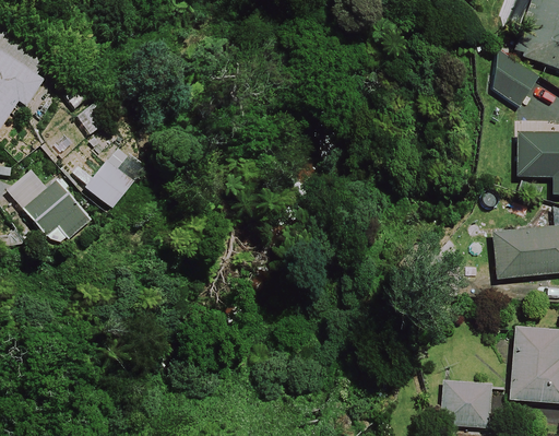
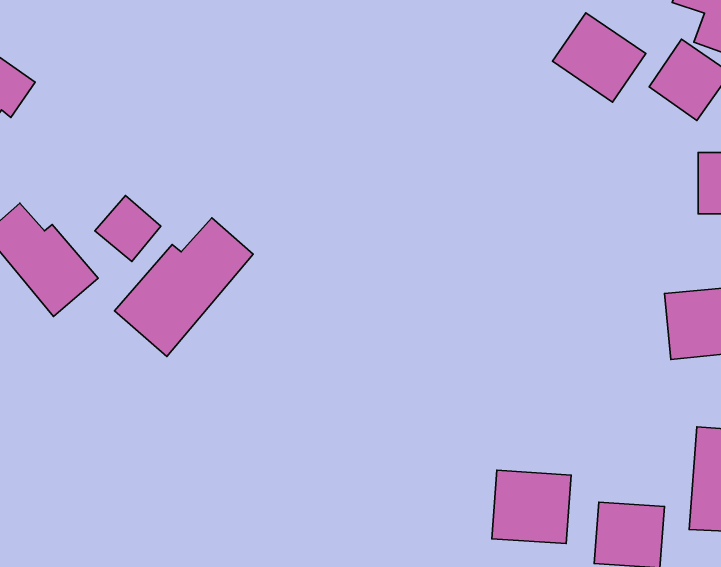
building: none -> [553,13,646,102]
building: none -> [114,218,253,357]
building: none -> [492,470,571,544]

